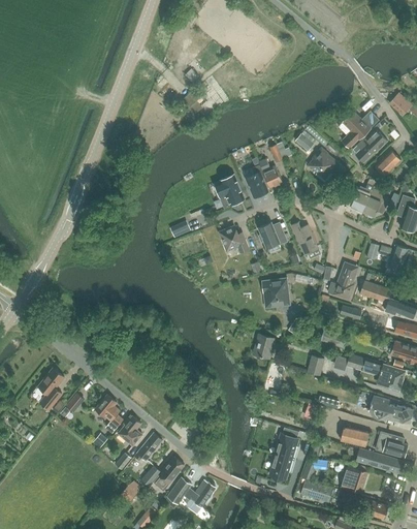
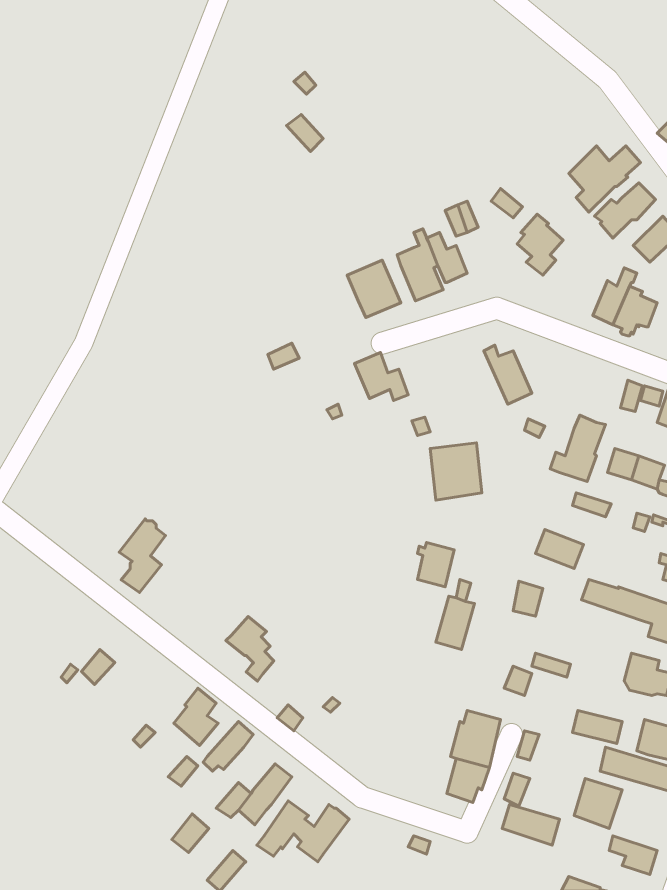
building: [259,222,288,248] -> none
building: [38,368,64,409] -> [119,519,165,593]
building: [95,396,122,432] -> [226,617,274,681]

